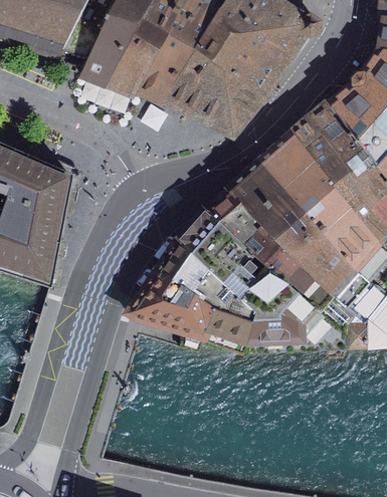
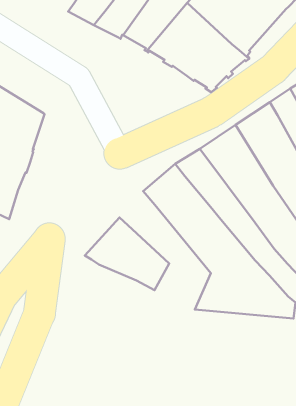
building: [158,238,255,348] -> none

